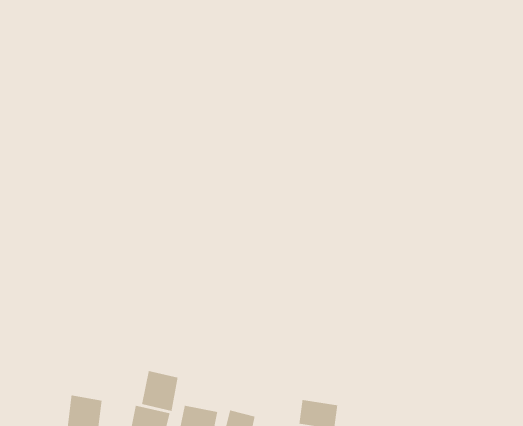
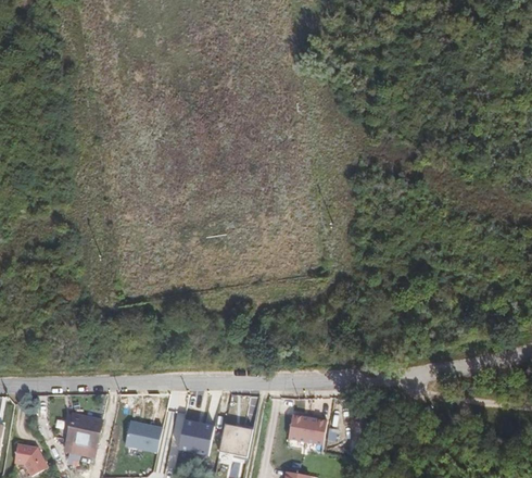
building: [141,370,179,412] -> none

